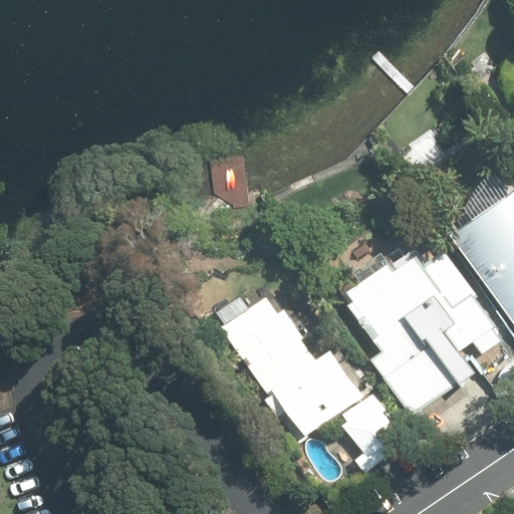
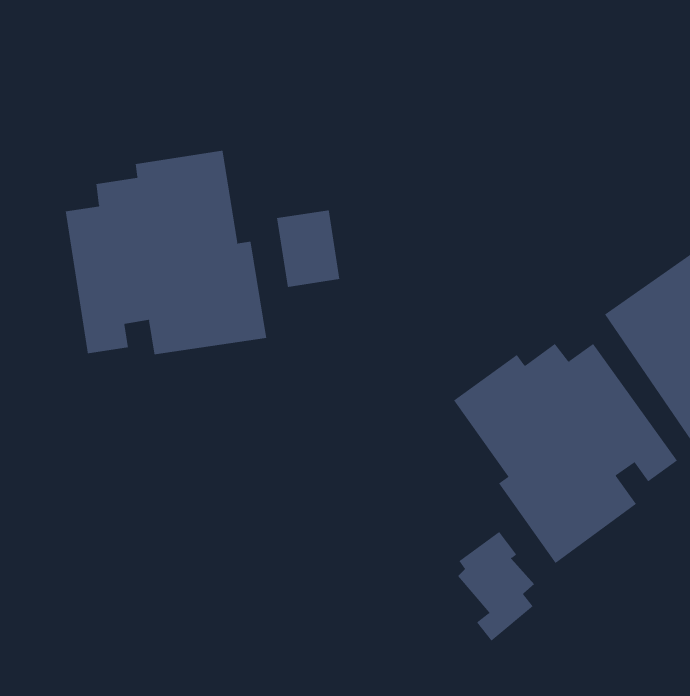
building: none -> [65,150,267,355]
building: [219,294,361,436] -> none

